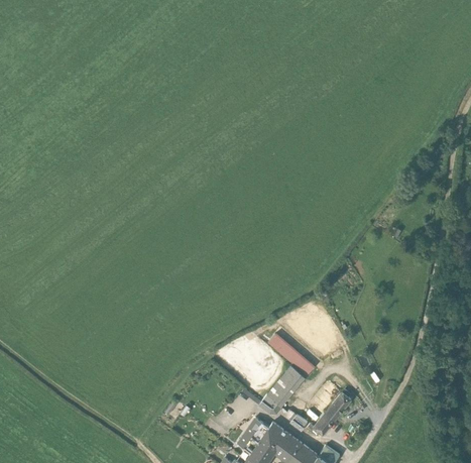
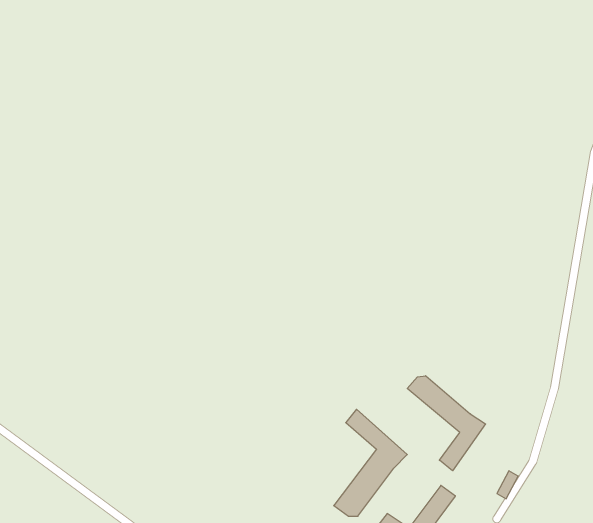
building: none -> [407,376,486,471]

